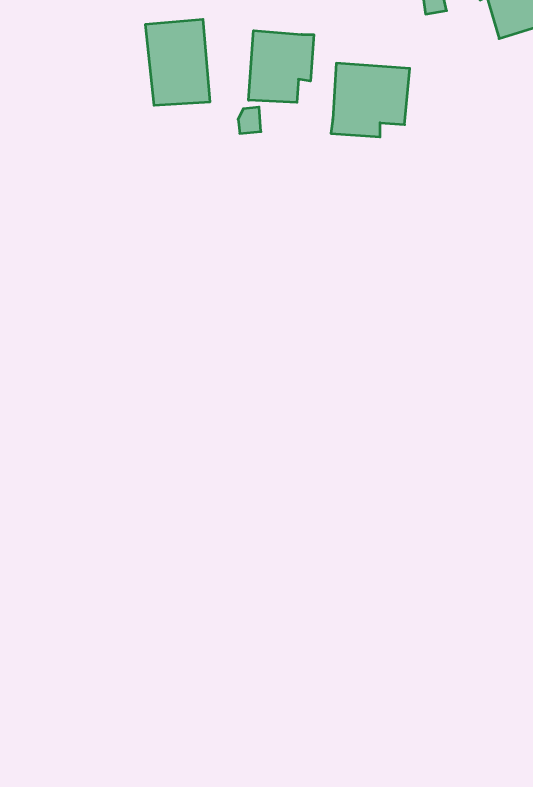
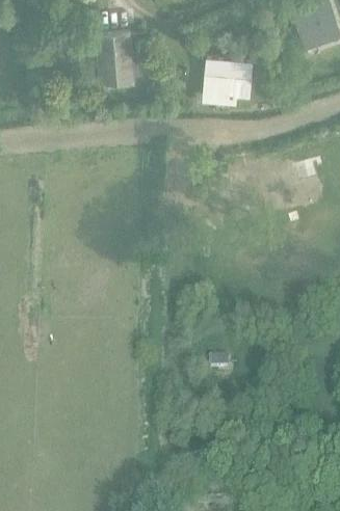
building: [249,31,314,102] -> none

